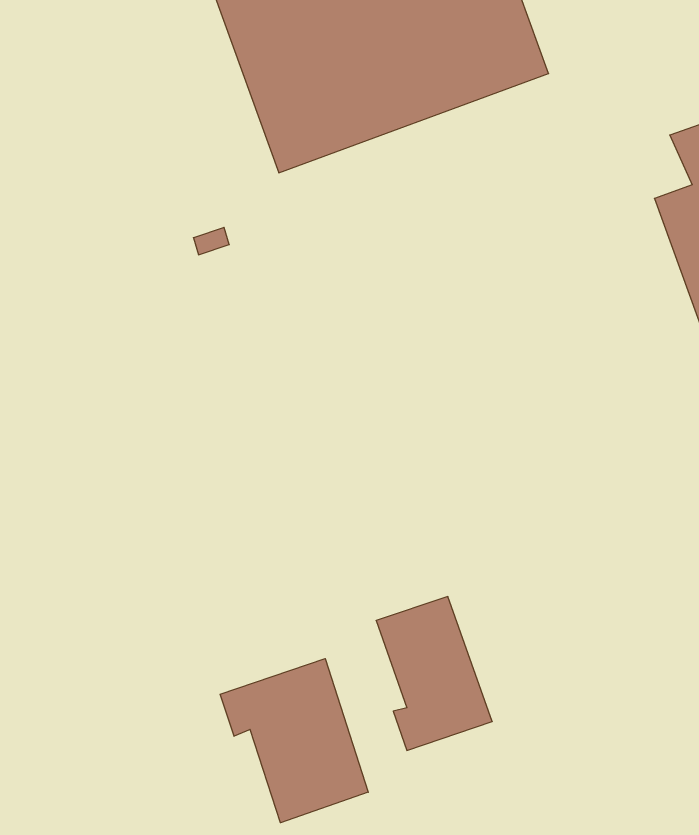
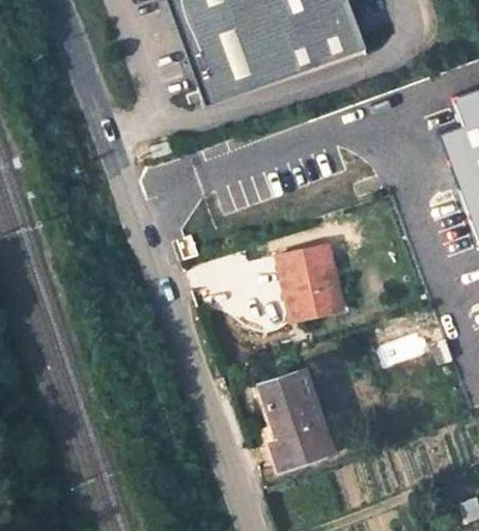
building: none -> [281,240,343,313]
building: [220,659,368,823] -> none

